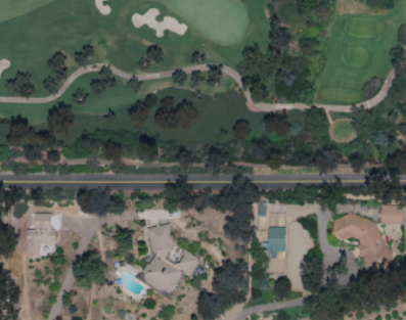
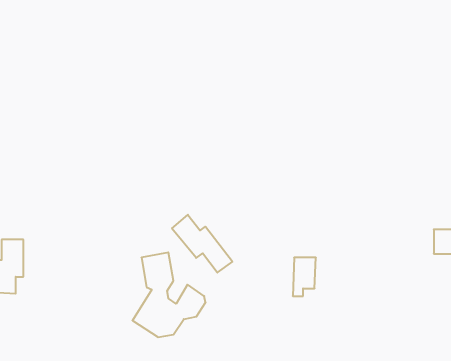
building: none -> [172,215,232,273]
building: [331,212,388,264] -> none

